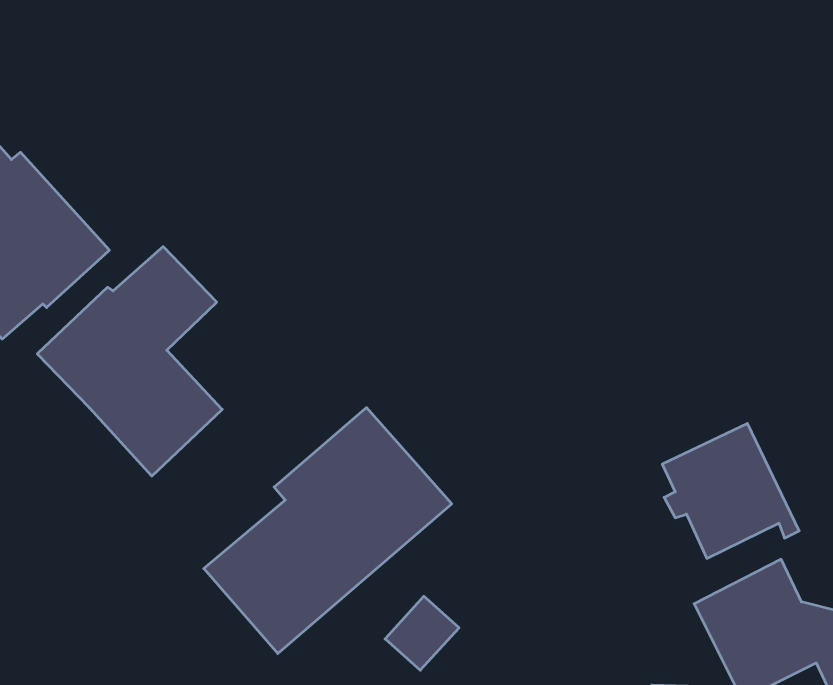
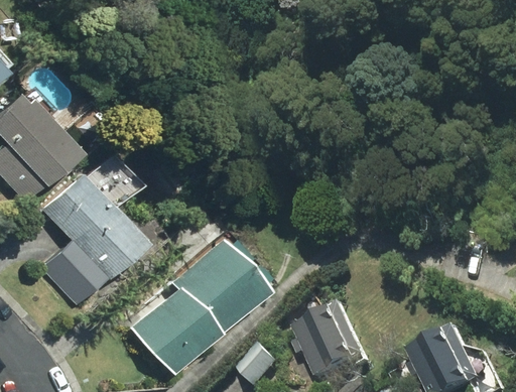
building: none -> [42,240,108,305]
building: [662,423,799,558] -> [289,300,364,374]

